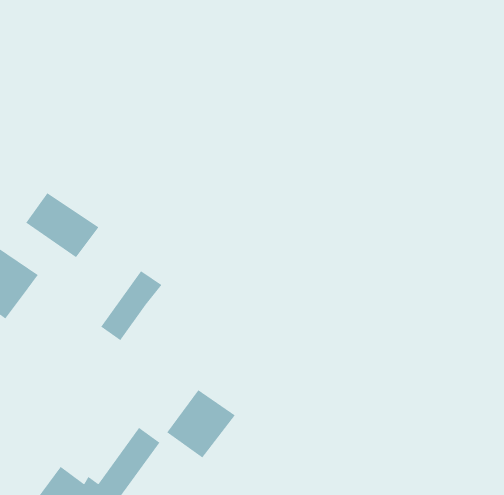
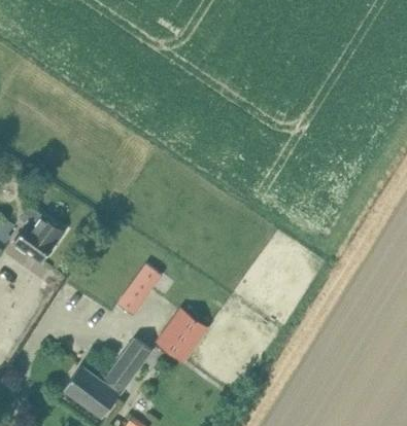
building: [25,192,99,258] -> none
building: [100,270,162,341] -> [116,264,161,315]

